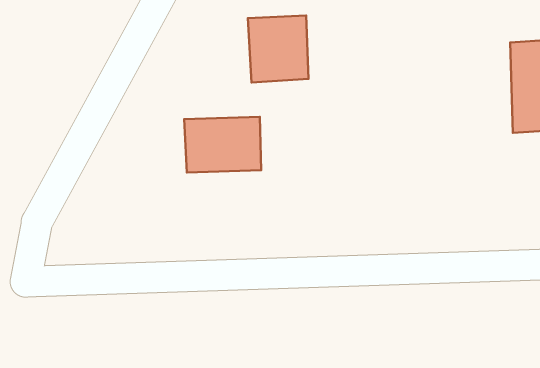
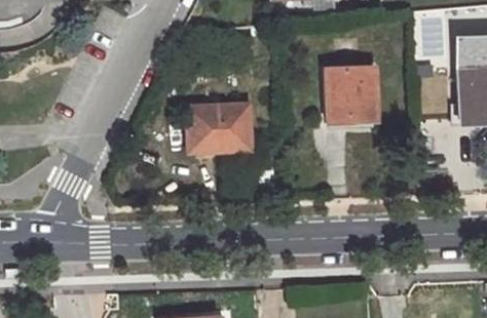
building: [248,16,309,83] -> [324,68,374,123]

